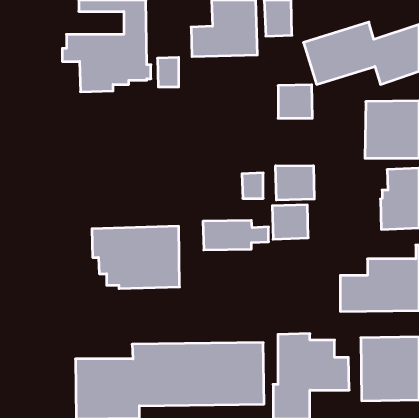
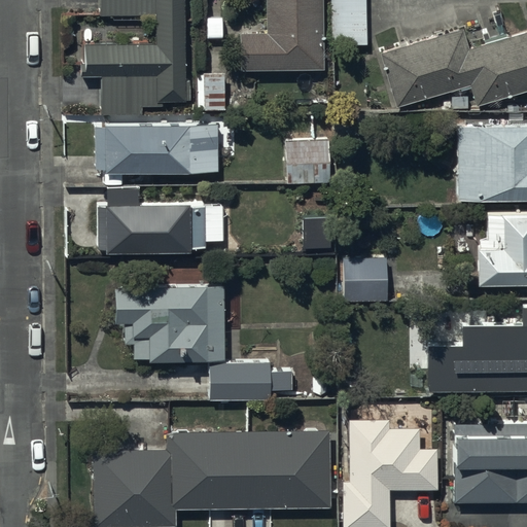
building: [278,85,312,118] -> [286,140,329,182]
building: none -> [95,124,219,176]
building: none -> [98,206,224,255]
building: [276,166,314,200] -> none
building: [203,220,269,250] -> [209,363,291,400]

